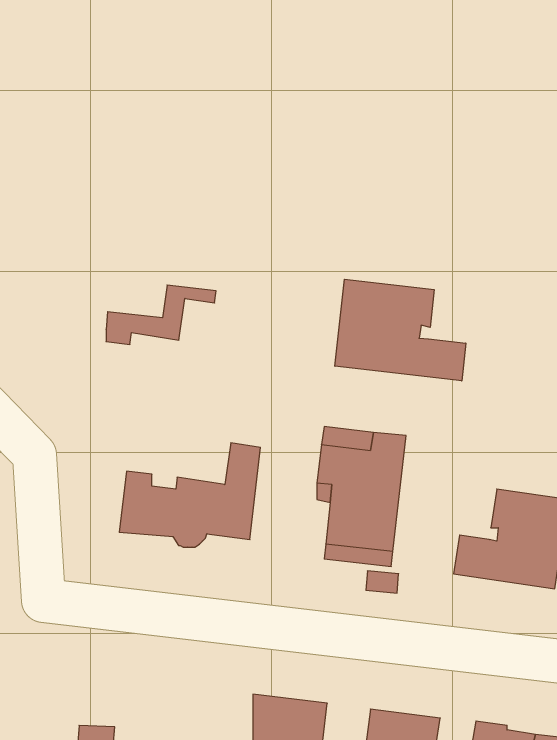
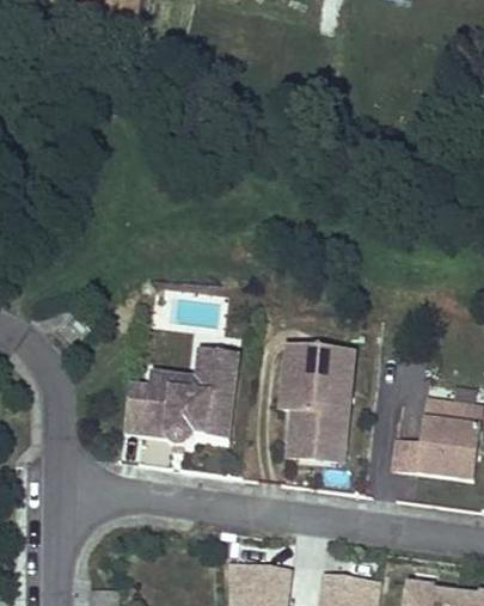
building: [335,279,466,381] -> none
building: [106,285,216,344] -> [149,349,238,397]

